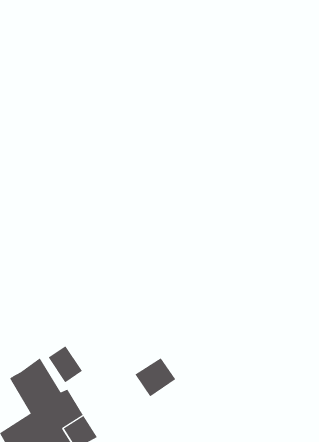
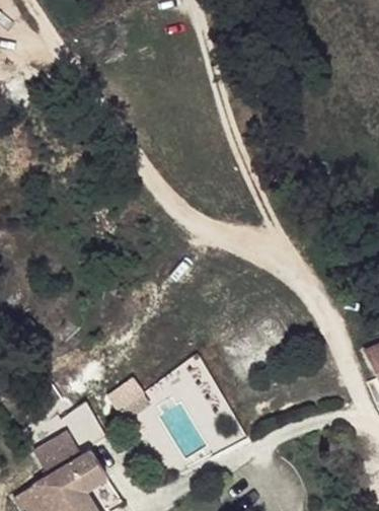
building: [135,357,176,397] -> [107,377,152,420]

